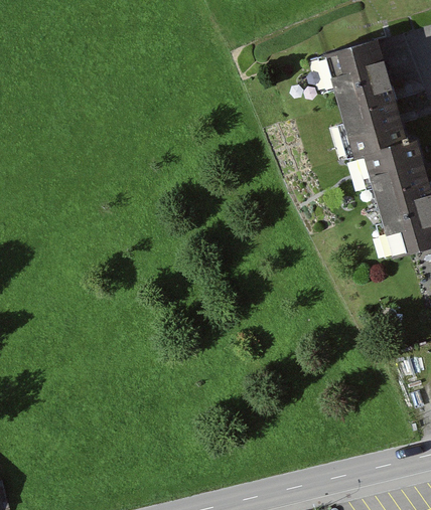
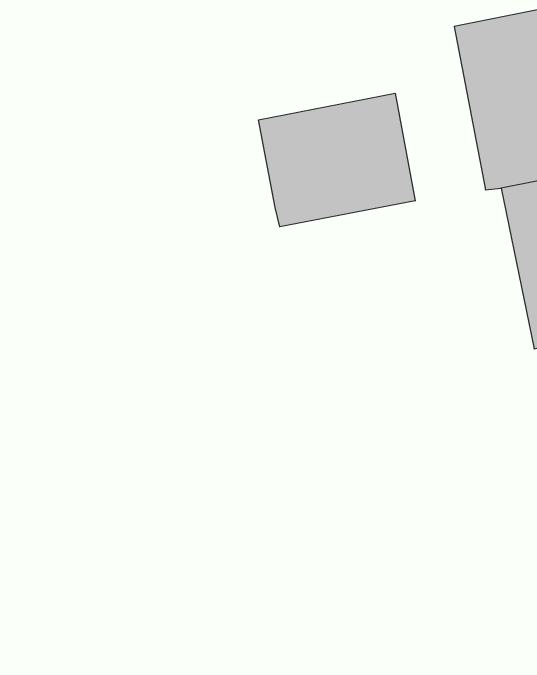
building: none -> [259,93,415,227]

